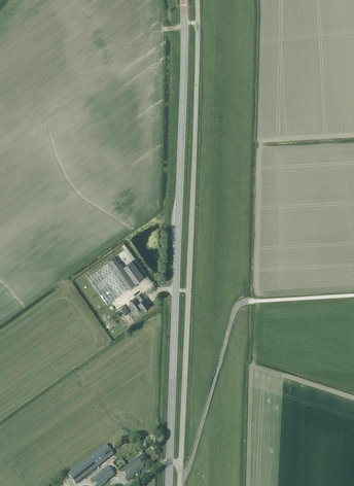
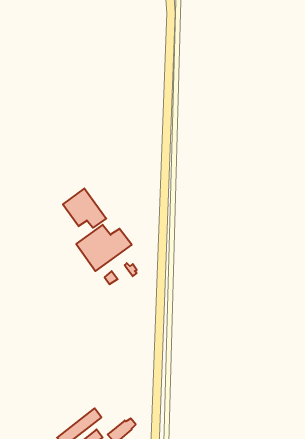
building: none -> [63,188,106,228]

